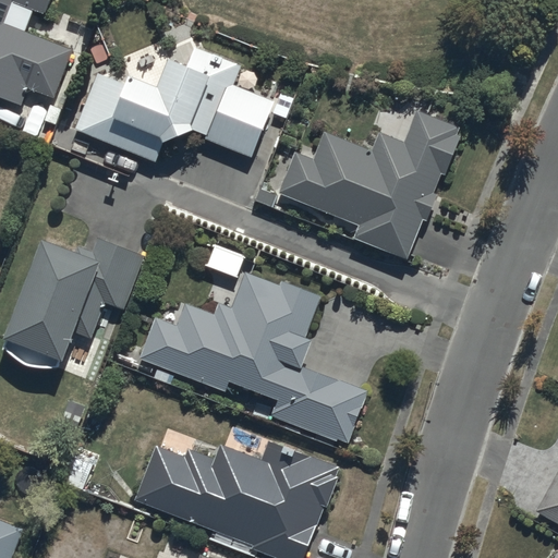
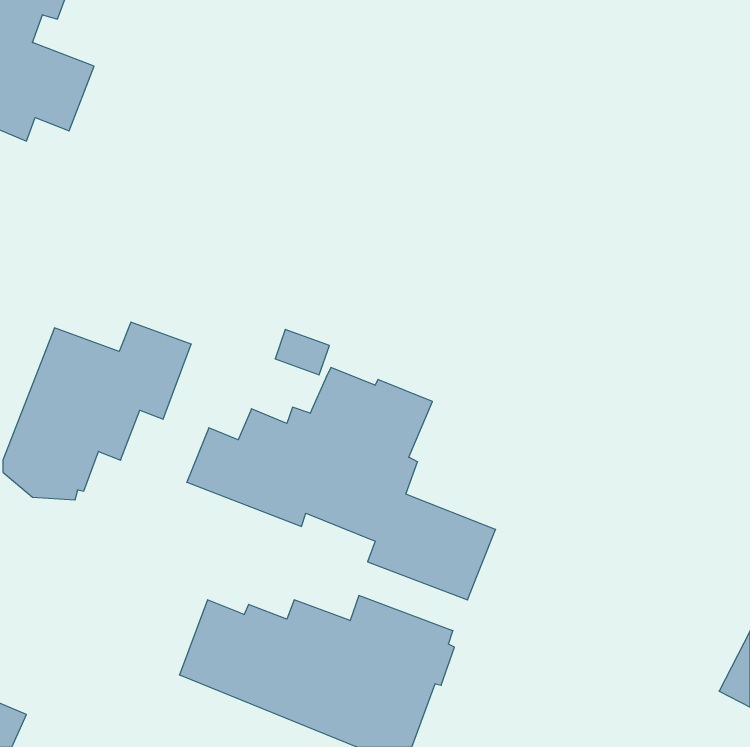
building: [73,49,288,162] -> none
building: [278,110,458,259] -> none

